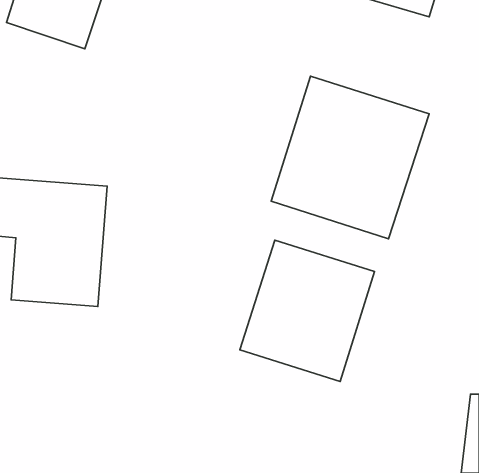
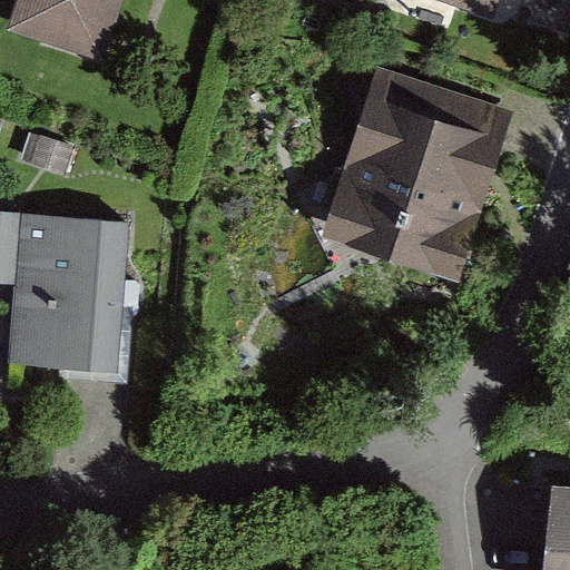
building: [240,240,374,382] -> none

